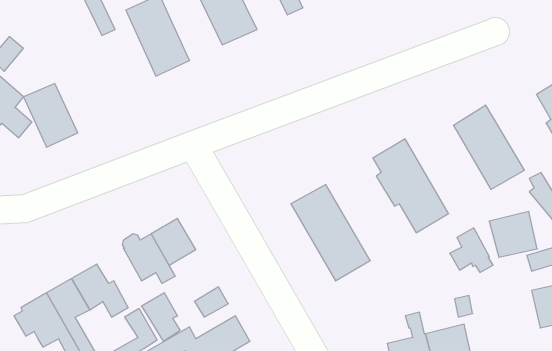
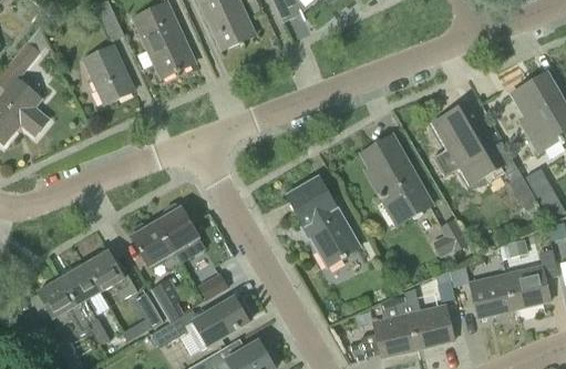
building: [23,84,78,147] -> [84,45,134,104]
building: [489,212,537,257] -> [471,275,515,317]

